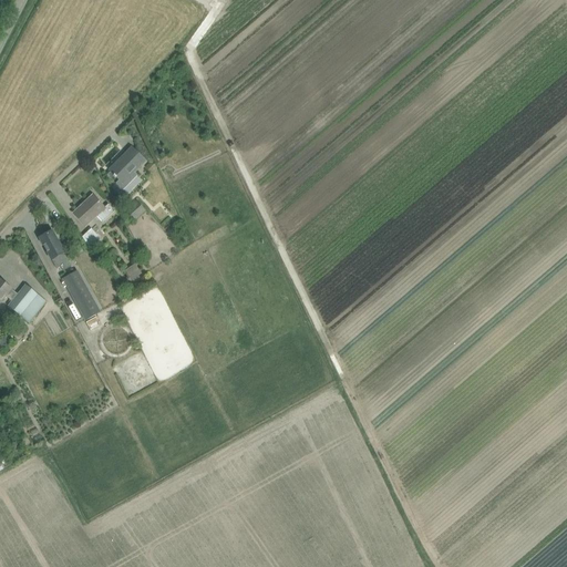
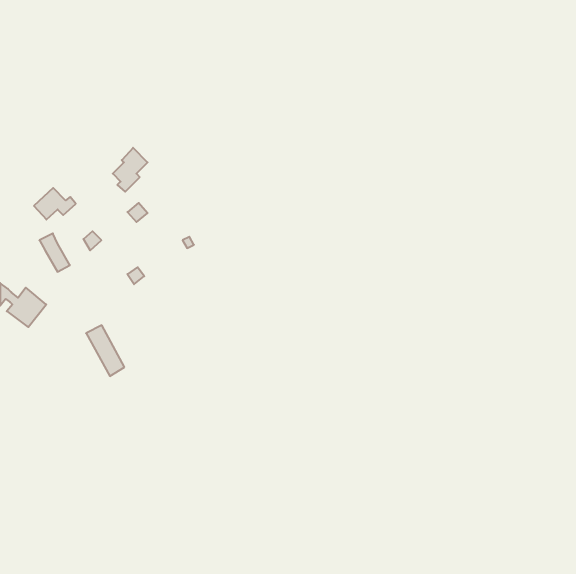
building: [73,194,114,225] -> [34,188,76,220]
building: [62,269,100,319] -> [86,325,124,376]

